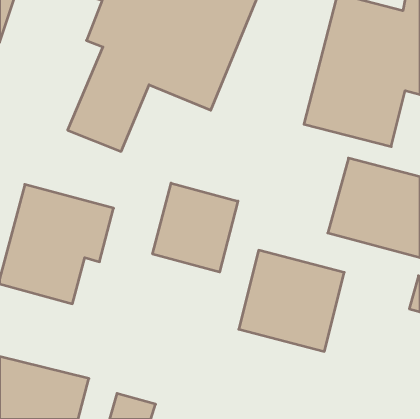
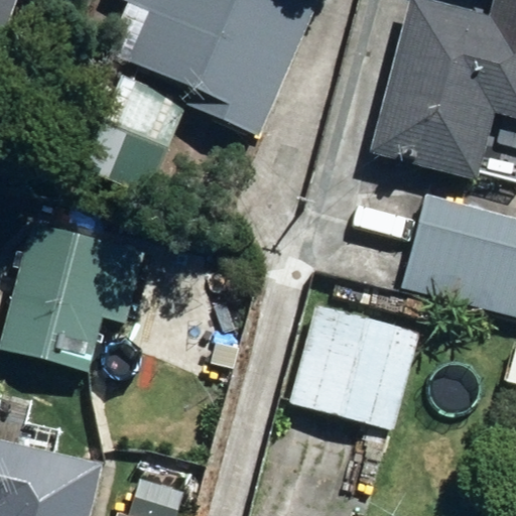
building: [153,183,238,272] -> none

